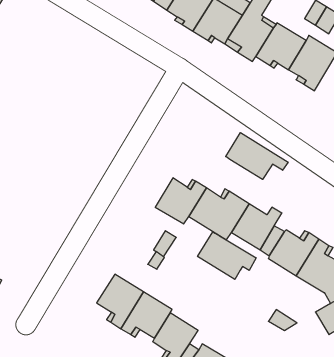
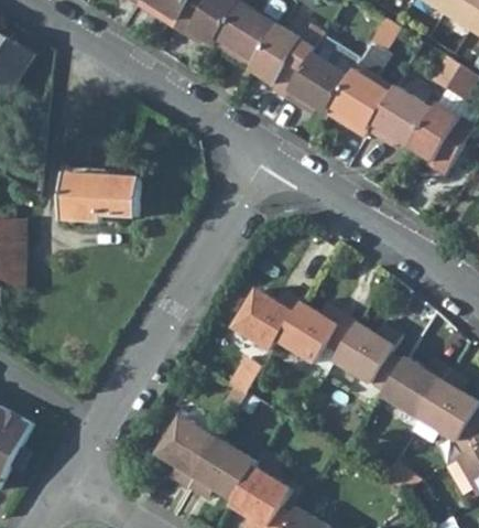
building: none -> [58,173,138,222]
building: [226,133,288,179] -> none
building: [198,232,256,279] -> none

